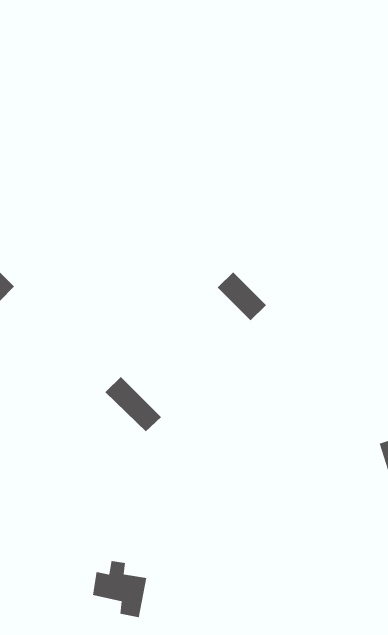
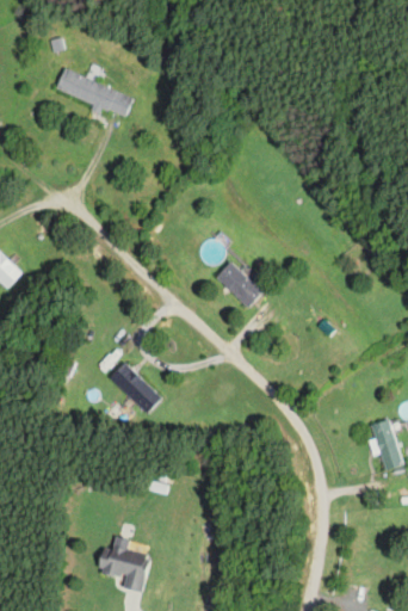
building: none -> [55,69,135,117]

